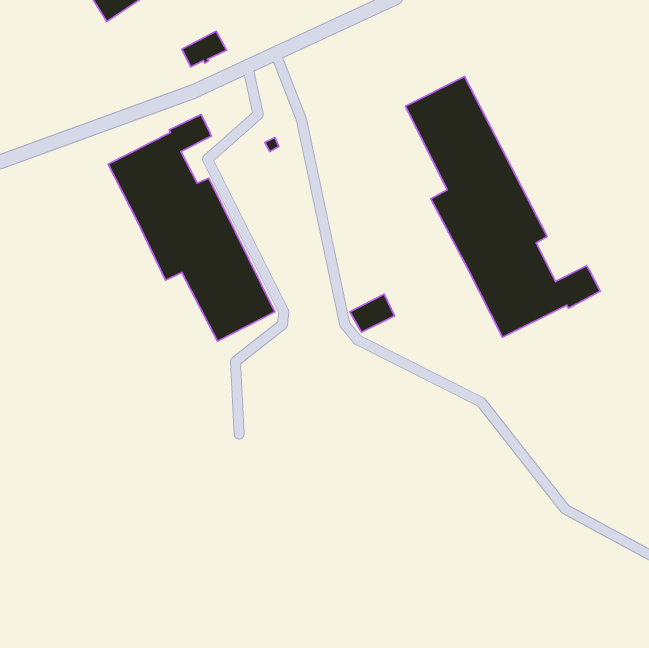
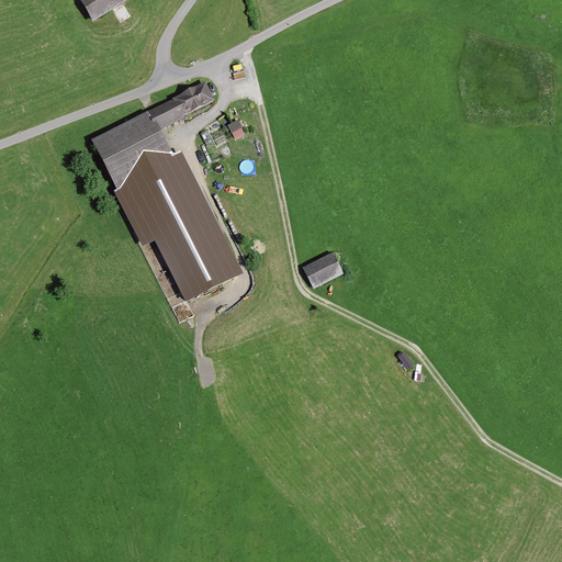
building: [182,31,226,67] -> [175,83,213,114]
building: [405,77,600,337] -> none

